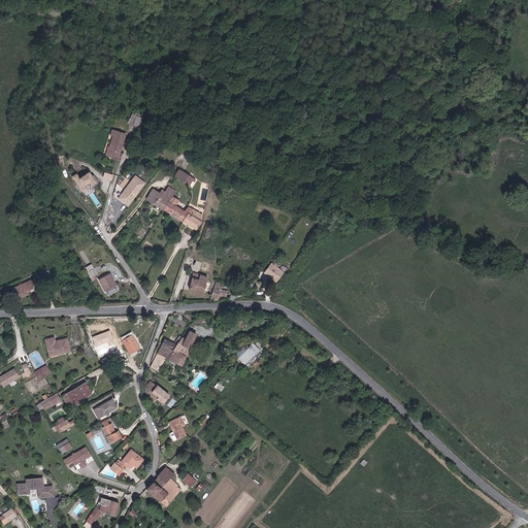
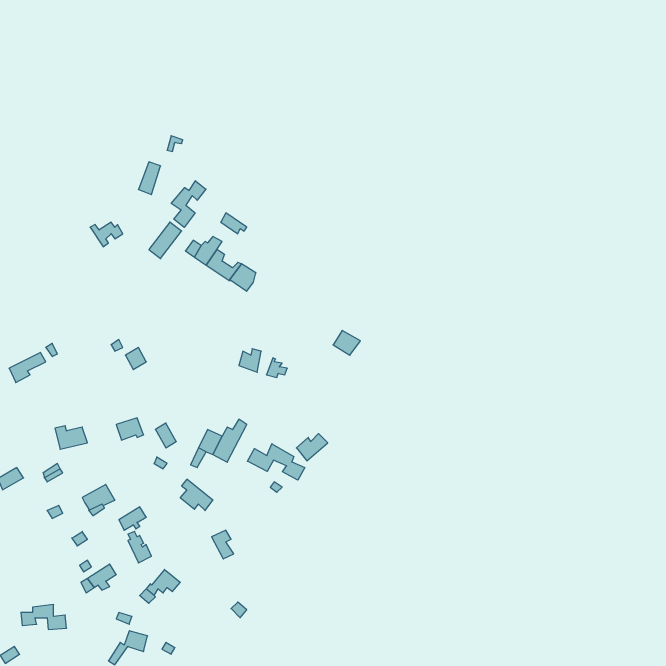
building: none -> [171,181,206,227]
building: none -> [247,444,305,480]
building: [145,467,179,506] -> none

